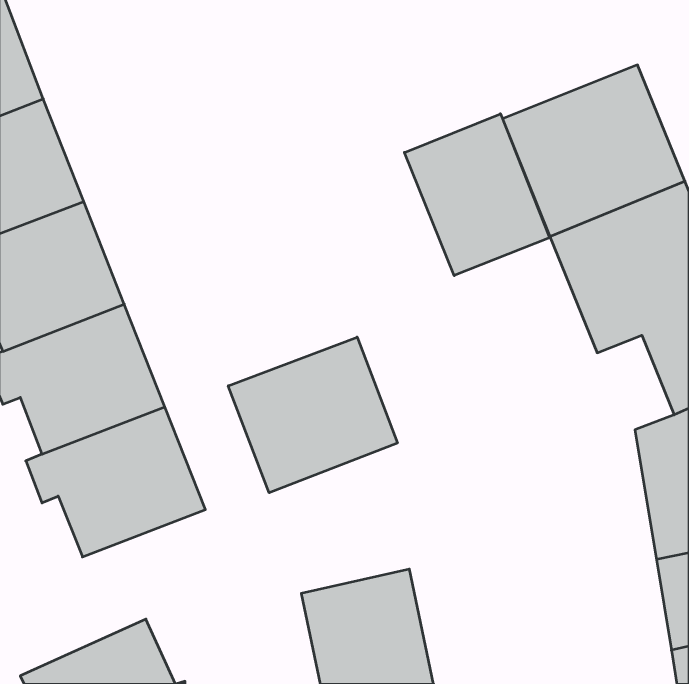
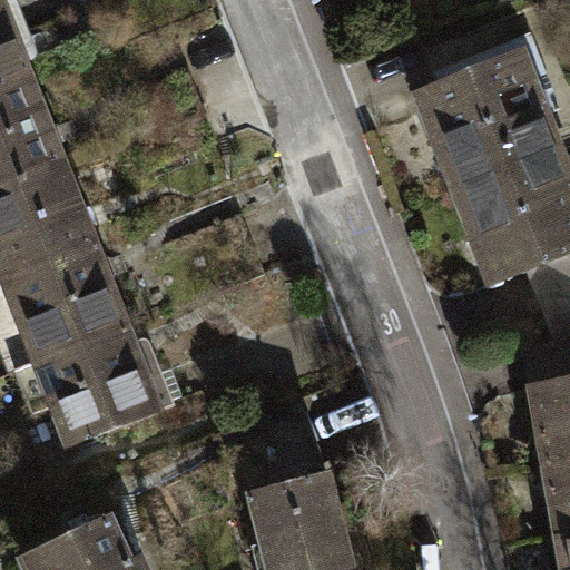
building: [404,114,549,276] -> none
building: [228,337,397,493] -> none

